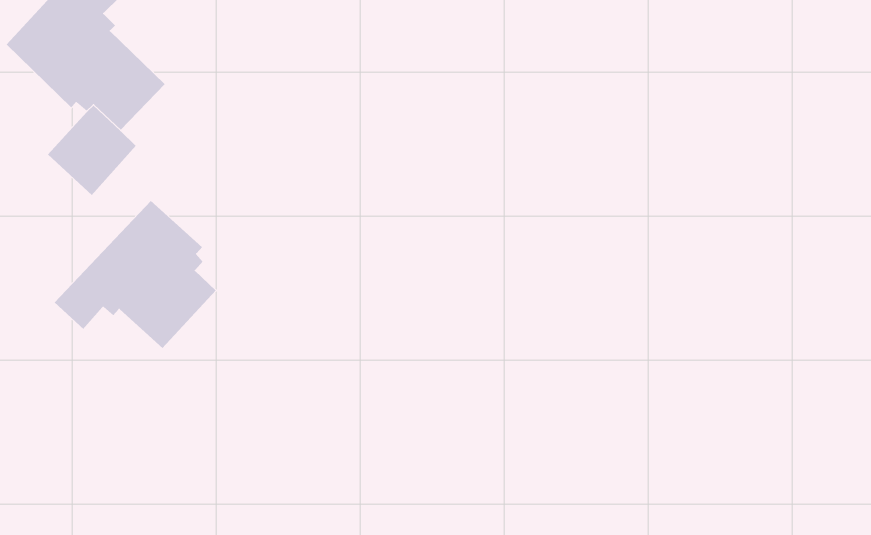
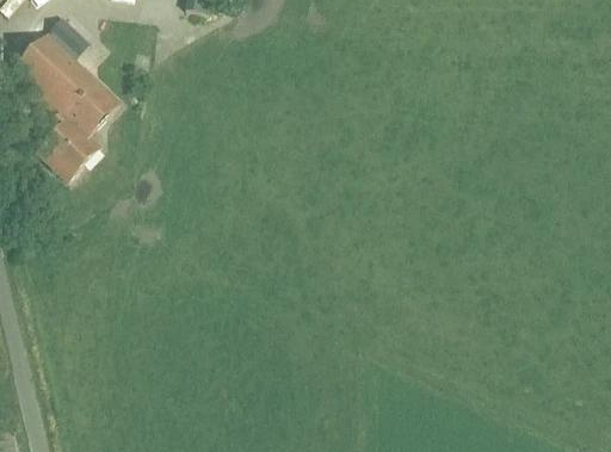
building: [54,200,216,349] -> none

